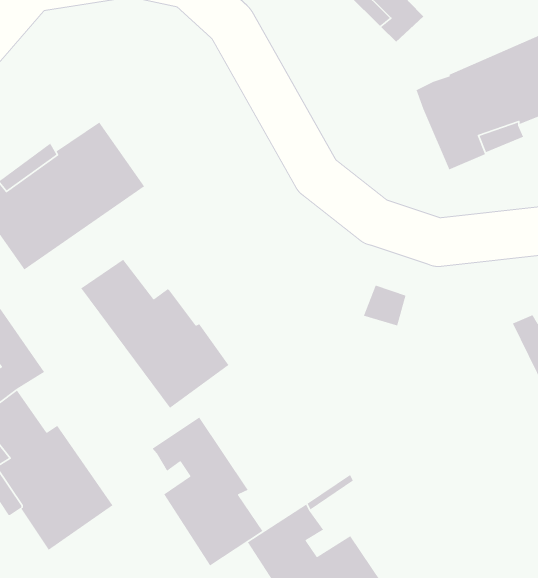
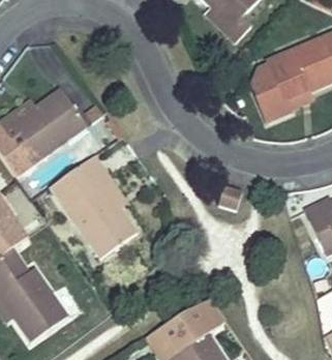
building: none -> [74,156,125,208]
building: [152,416,264,567] -> none

